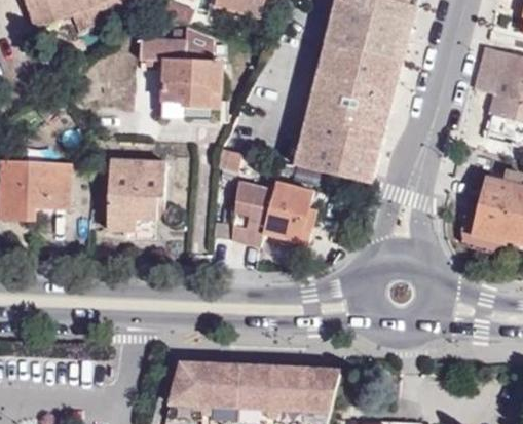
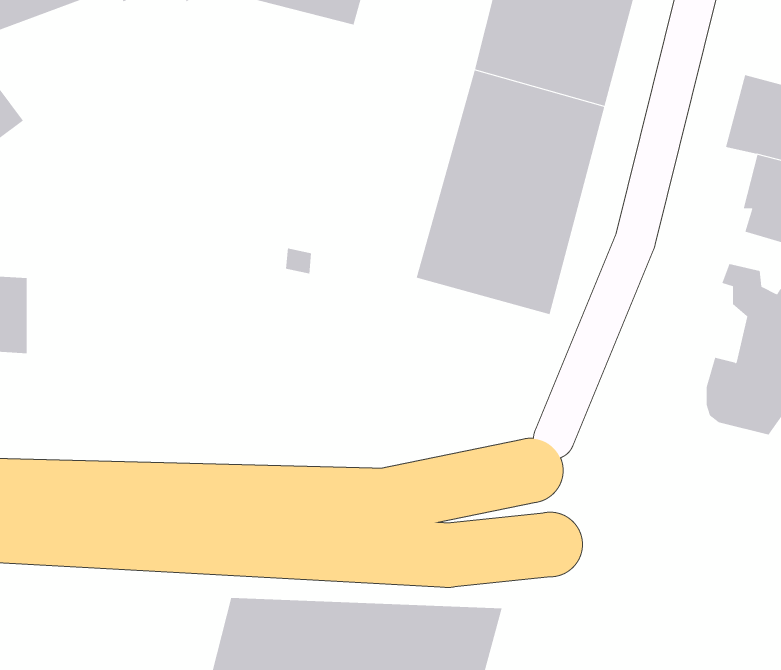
building: [139,30,225,122] -> none
building: [107,161,162,243] -> none
building: [227,182,321,252] -> none

